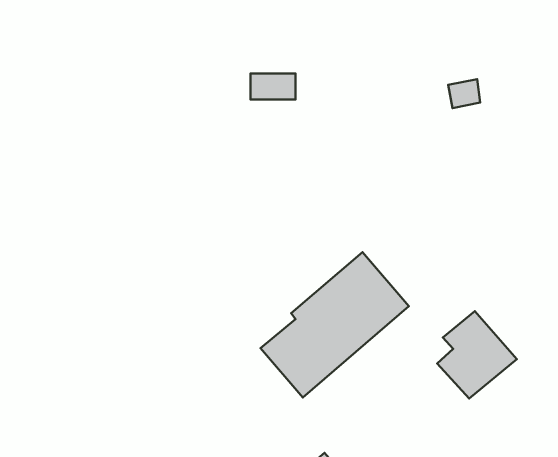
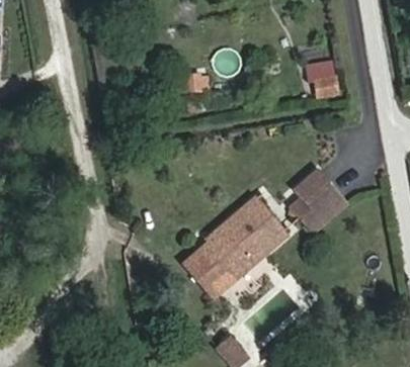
building: [437,311,517,398] -> [291,171,346,232]

